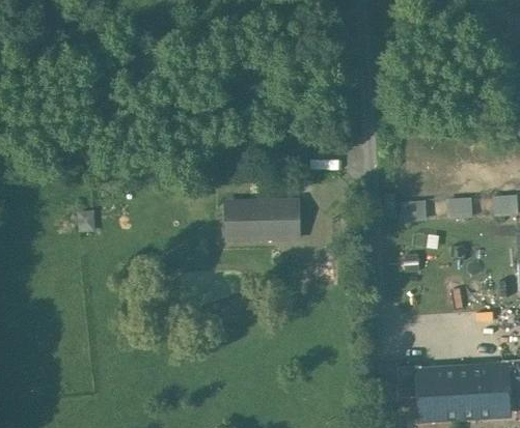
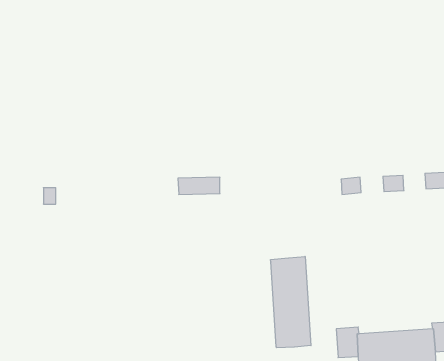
building: [226,202,296,238] -> none
building: none -> [271,256,311,348]

